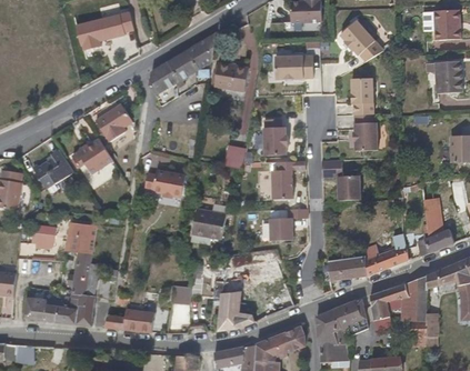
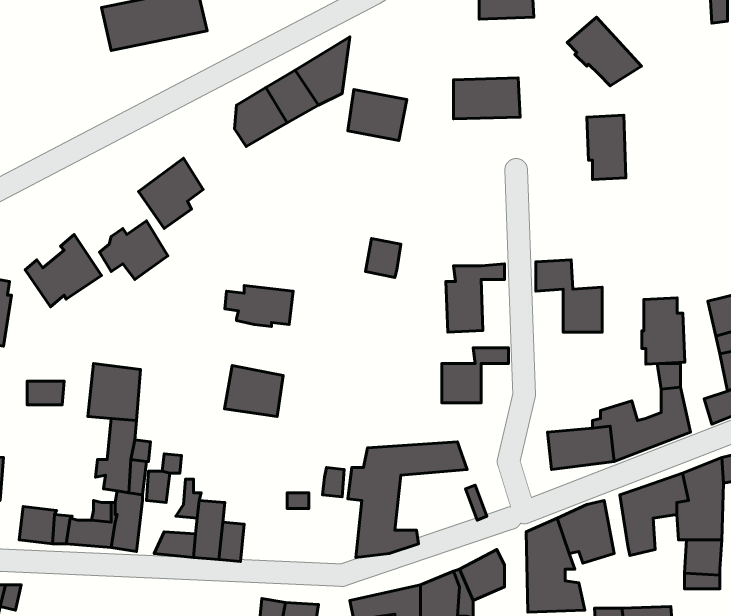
building: [353,113,378,151] -> [642,298,685,364]
building: [263,120,288,157] -> none
building: [192,211,226,240] -> [224,366,283,417]

